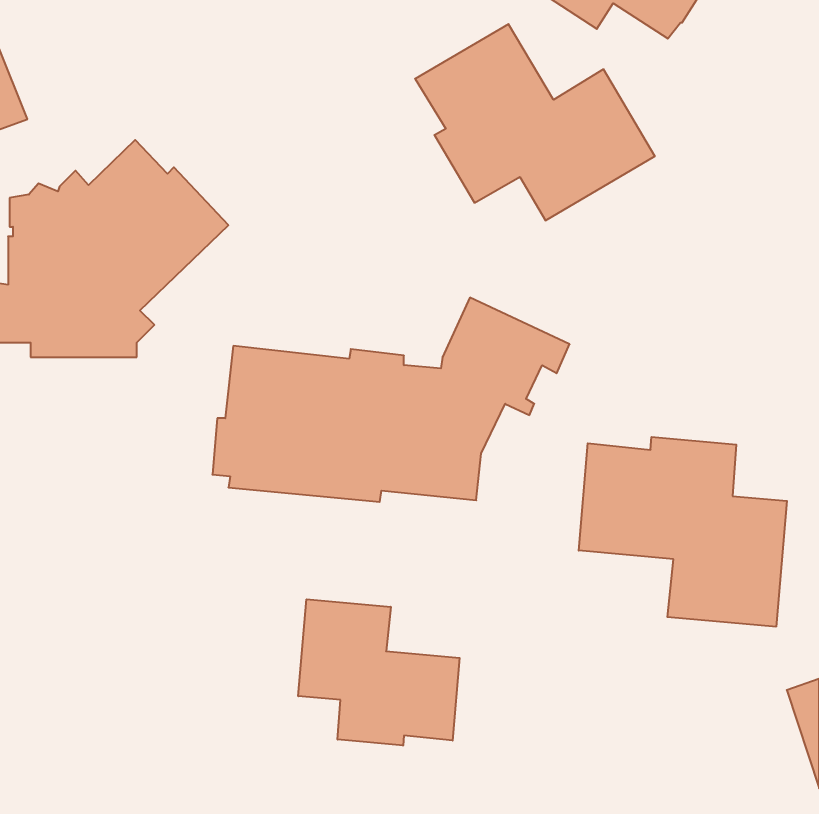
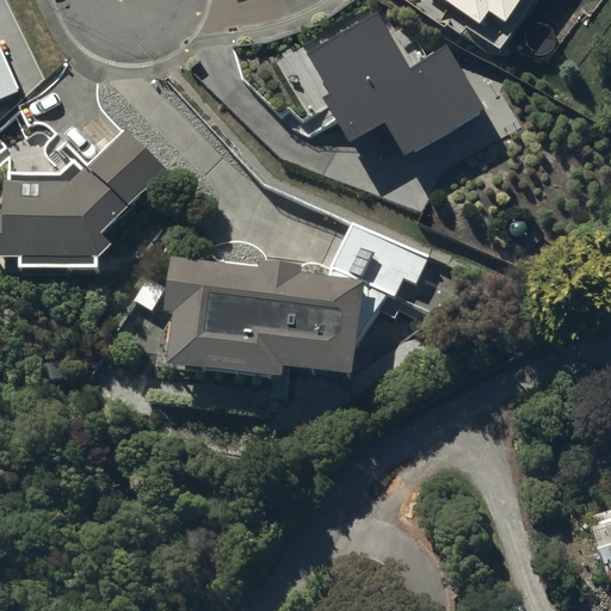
building: [579,437,787,627] -> none
building: [298,599,460,746] -> none

